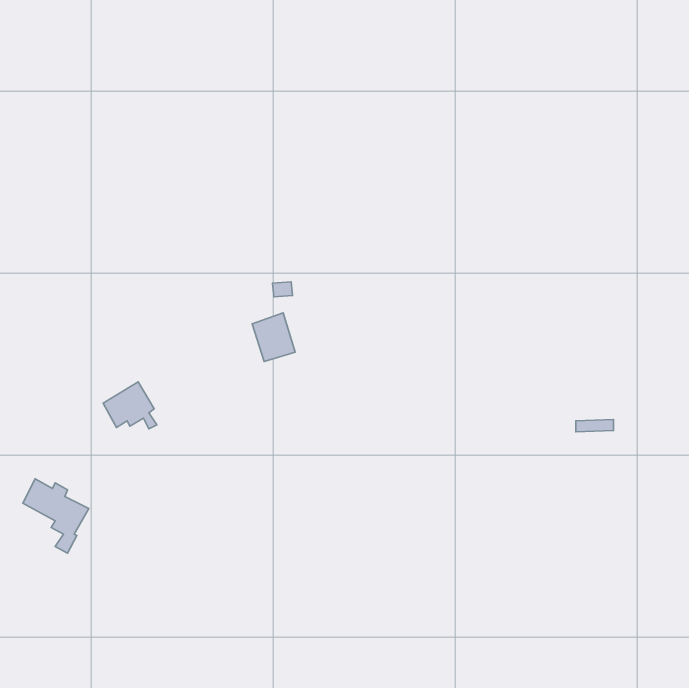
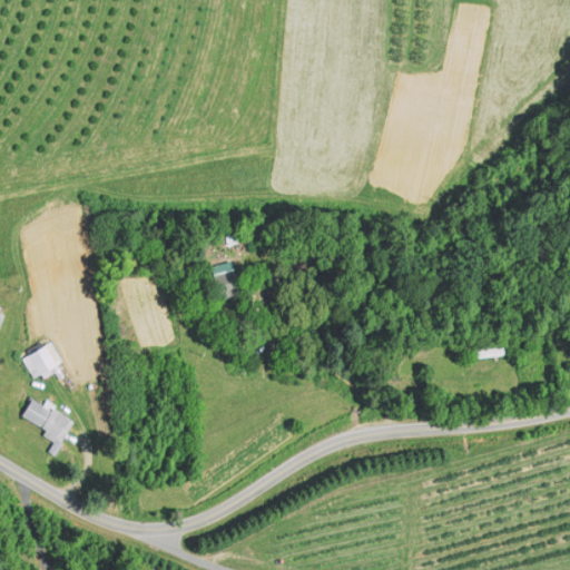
building: [103,382,157,429] -> [22,341,67,380]

